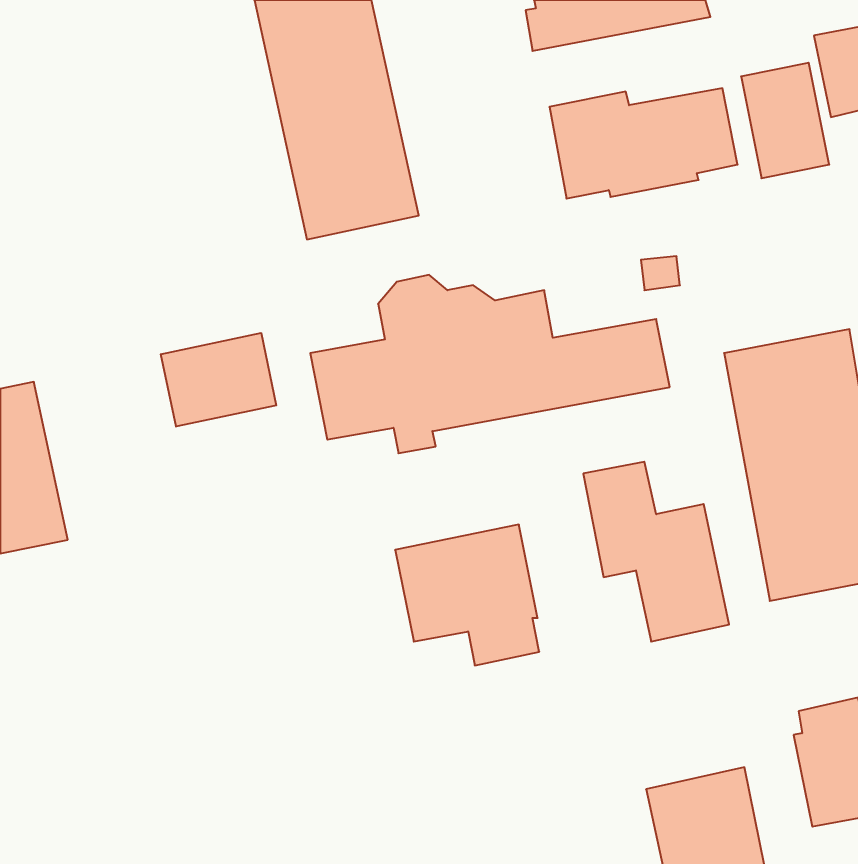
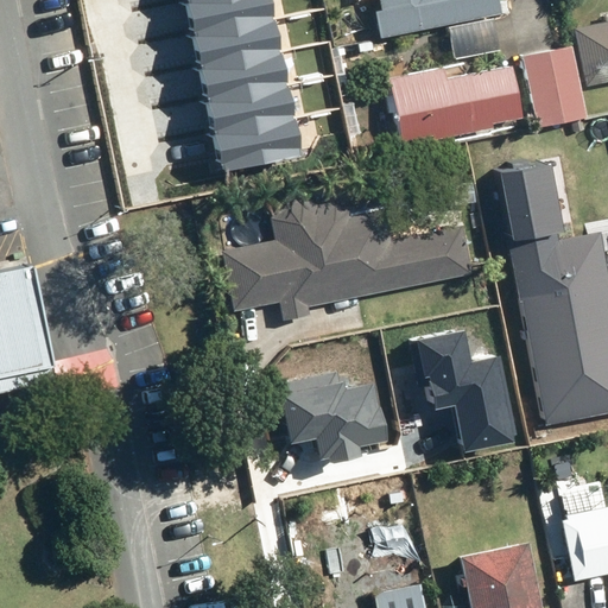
building: none -> [504,164,568,236]
building: [161,333,276,427] -> none

